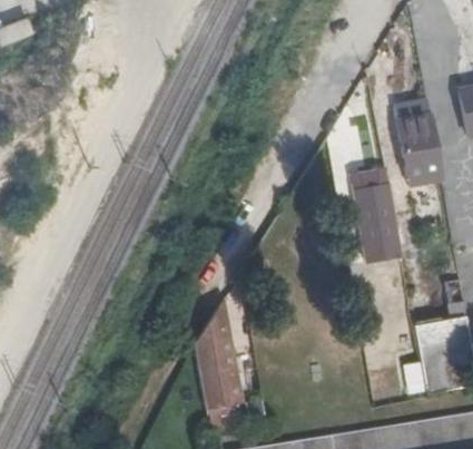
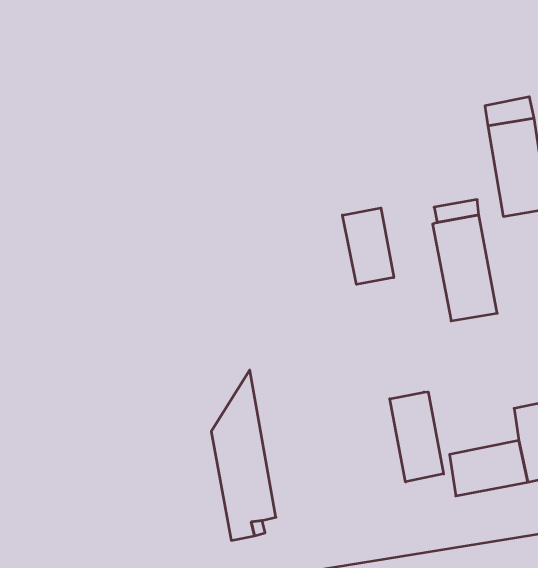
building: none -> [342,208,394,284]
building: none -> [390,392,444,482]

